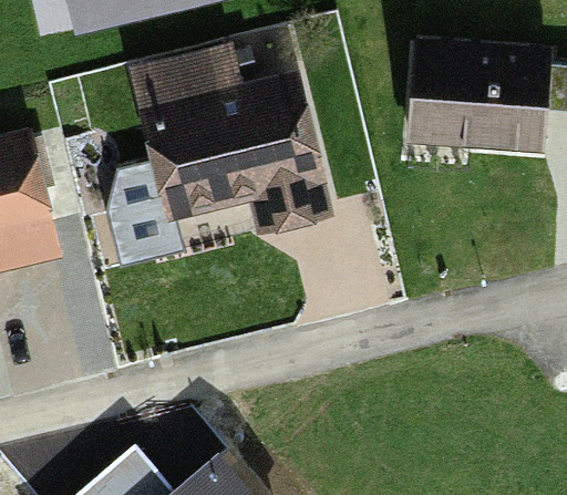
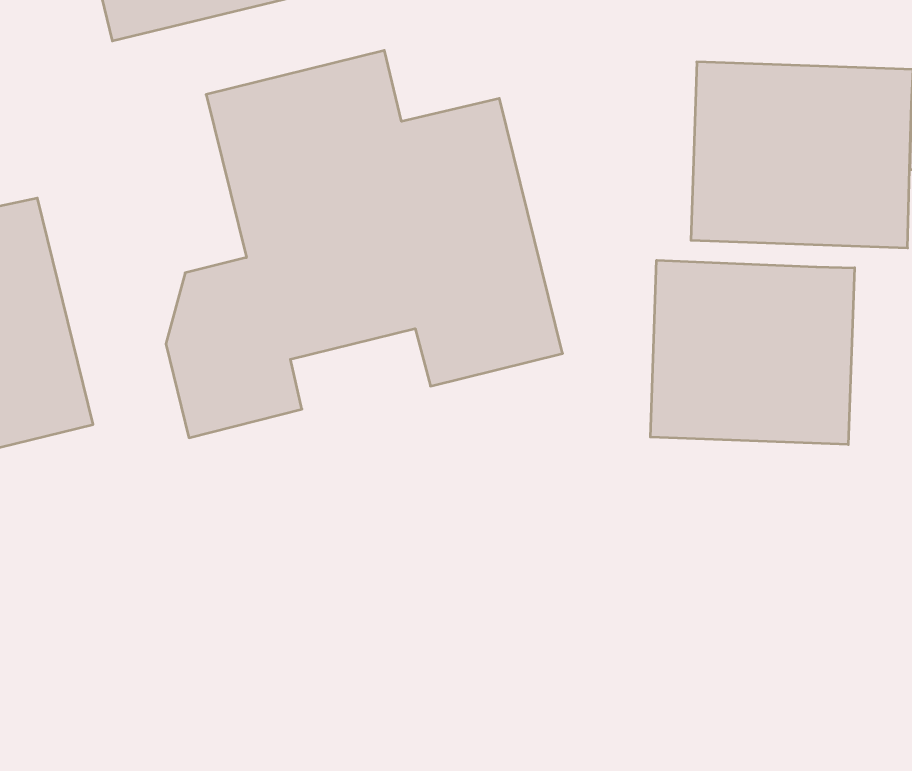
building: none -> [650,260,855,445]

